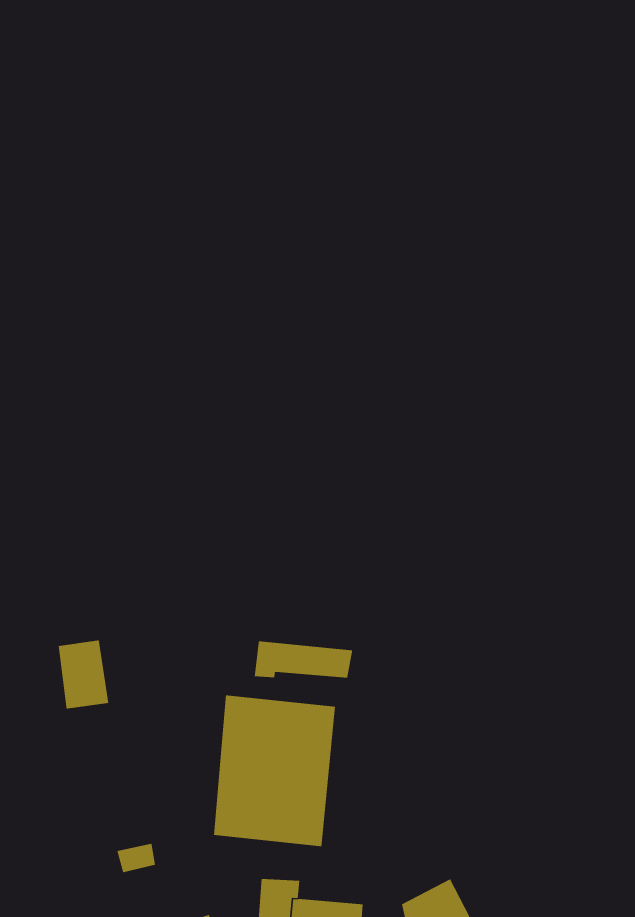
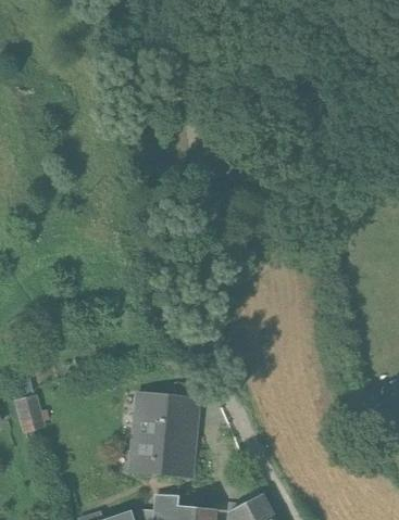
building: [58,640,109,709] -> [18,394,47,432]
building: [254,640,353,678] -> none

